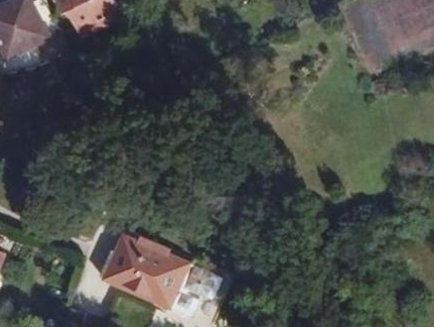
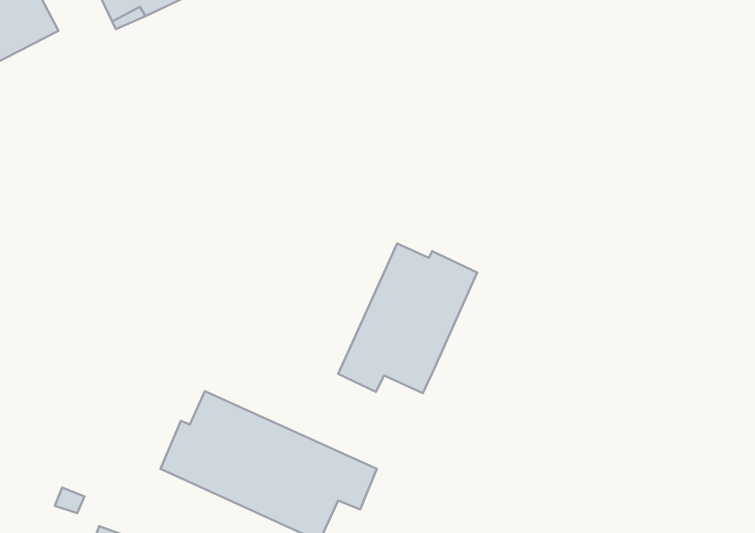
building: none -> [338,244,477,393]

